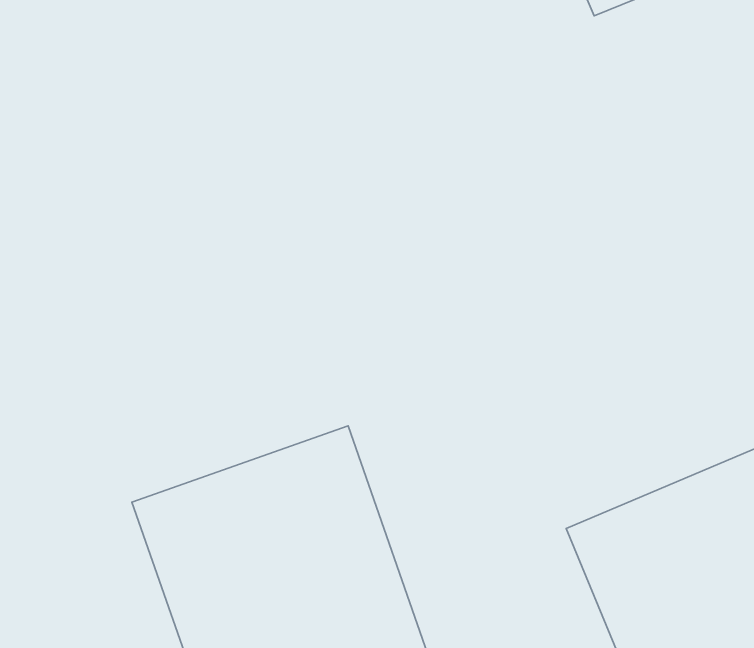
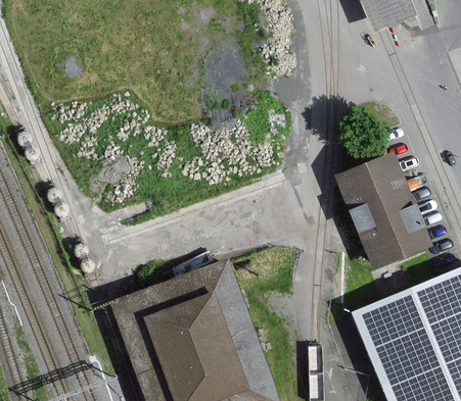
building: none -> [333,157,427,273]

